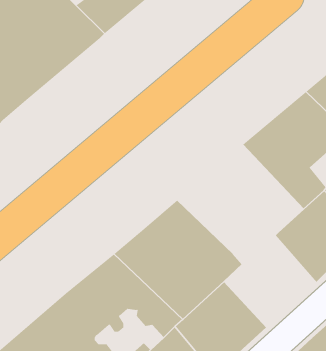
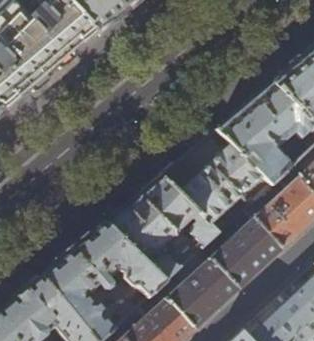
building: none -> [159,131,269,226]
building: none -> [200,210,280,290]

